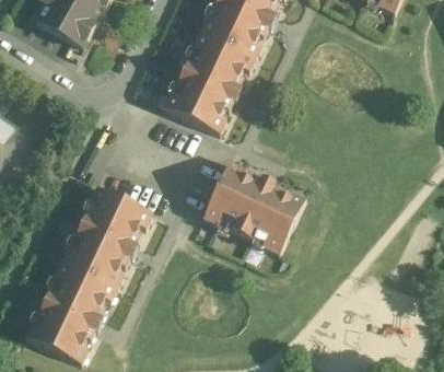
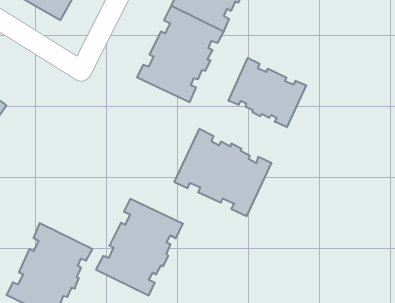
building: none -> [229,58,306,127]
building: [59,188,151,290] -> [96,199,183,295]

